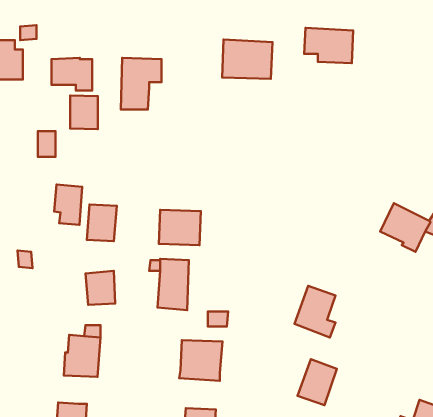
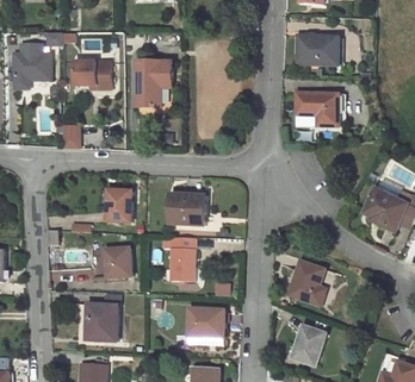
building: [222,40,272,79] -> [295,90,339,125]
building: [70,95,98,129] -> none
building: [54,185,82,225] -> none

